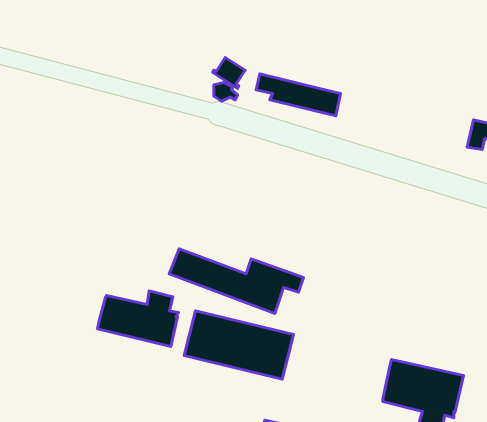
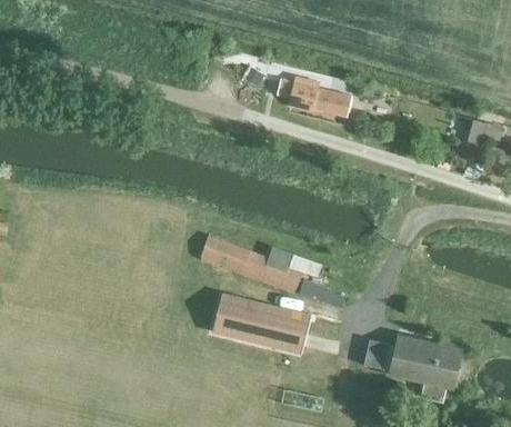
building: [98,291,178,346] -> none
building: none -> [364,339,395,371]

